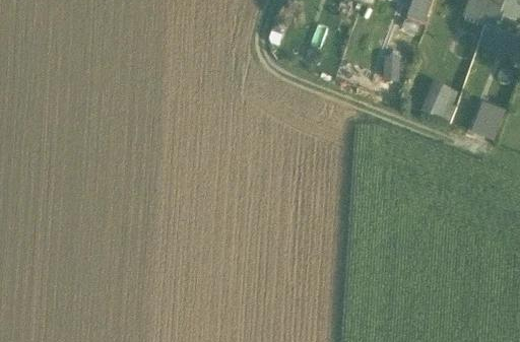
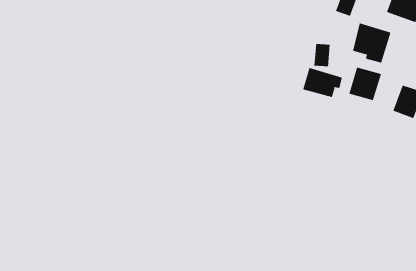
building: none -> [352,23,391,64]
building: none -> [302,67,342,98]

